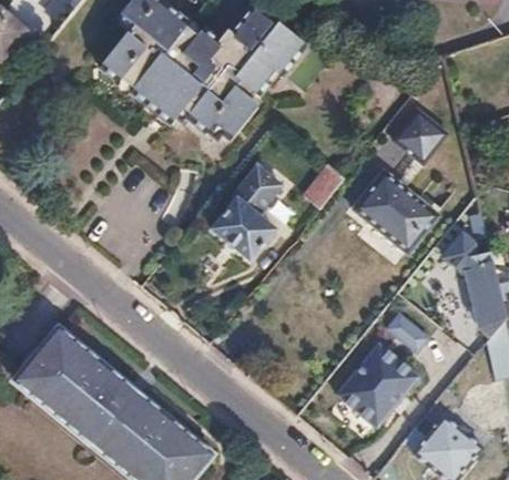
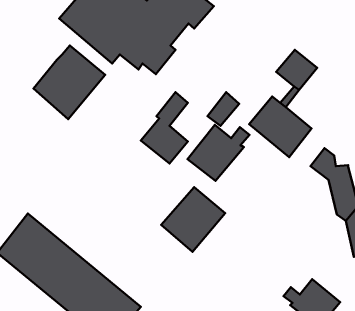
building: none -> [34,46,105,119]
building: none -> [187,125,250,181]
building: [381,309,430,354] -> none
building: [332,340,418,428] -> [161,187,225,252]

